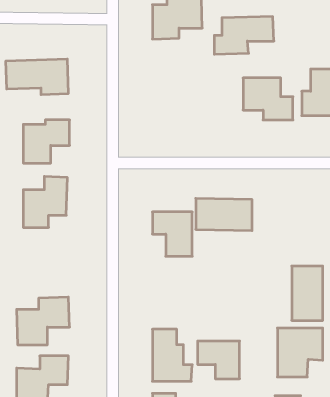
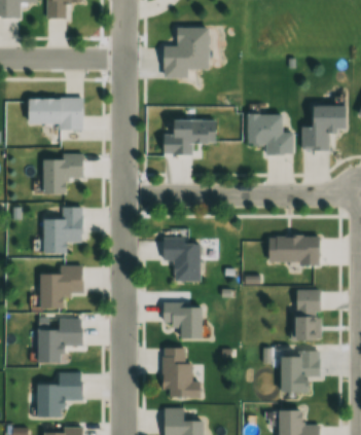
building: [214,17,274,54] -> [163,119,218,154]
building: [196,198,252,231] -> [268,234,321,264]
building: none -> [39,264,86,309]
building: [198,341,240,379] -> [164,303,203,338]

